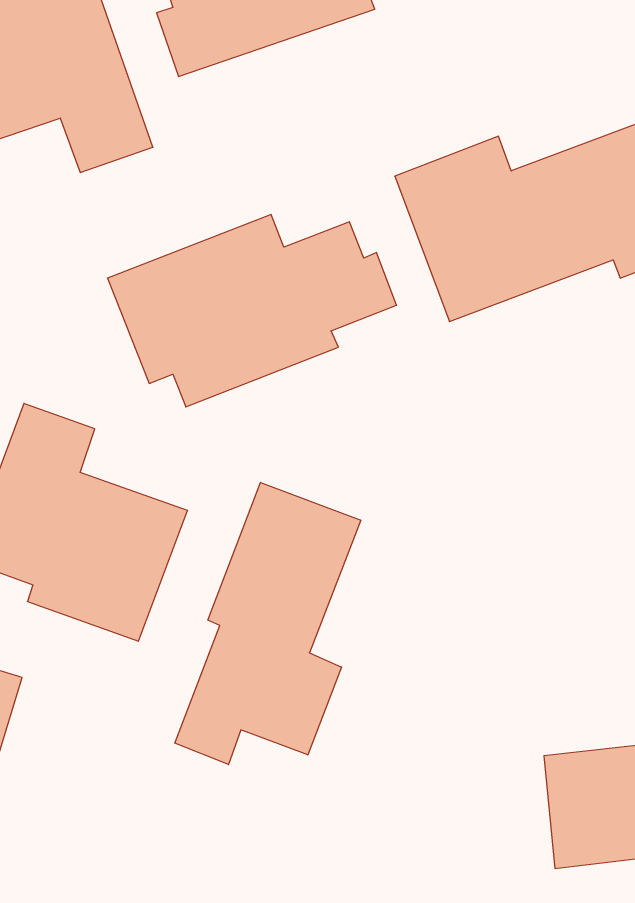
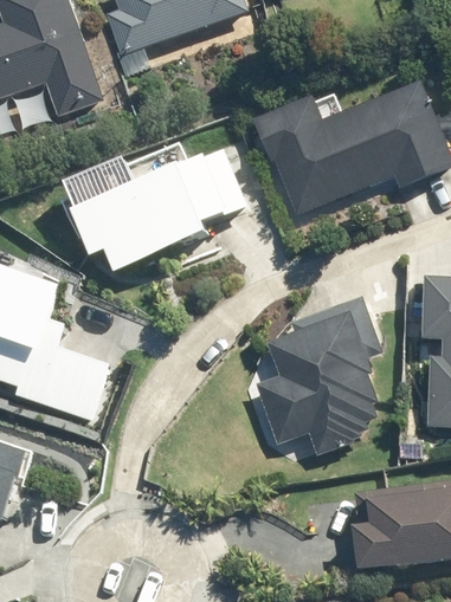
building: none -> [259,296,385,448]
building: [175,482,361,765] -> none

